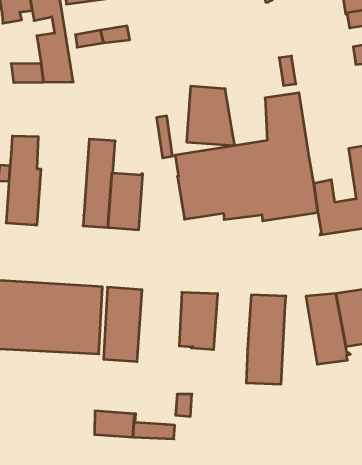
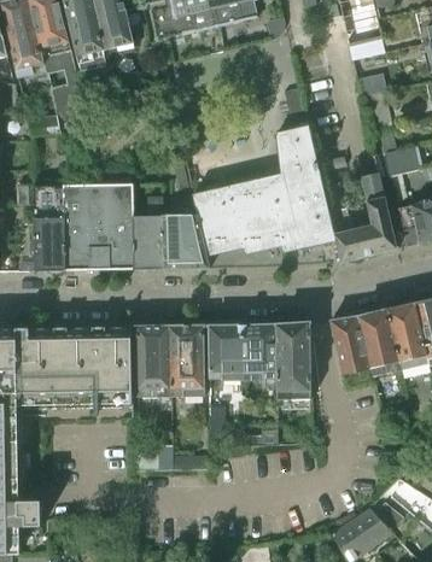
building: [187,86,235,145] -> [163,213,210,268]
building: none -> [63,183,109,270]
building: none -> [170,326,205,396]
building: none -> [244,324,276,379]

